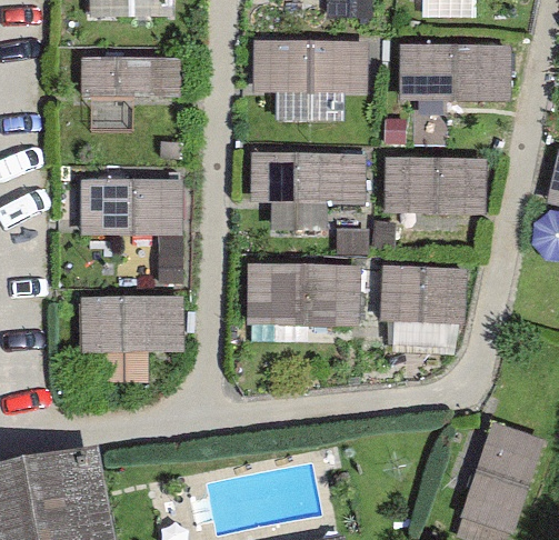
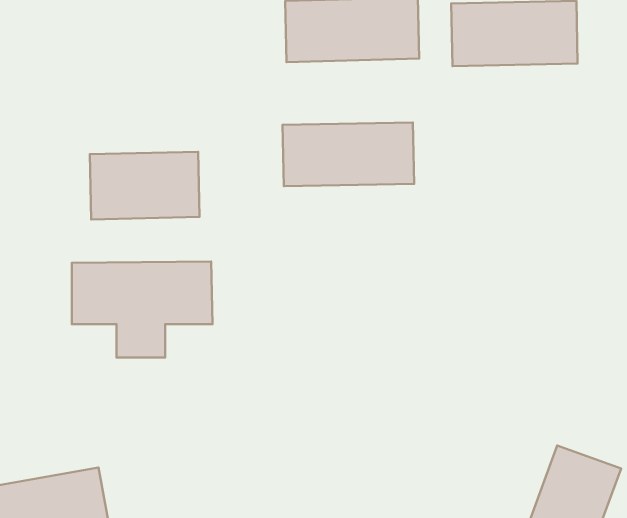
building: [78,54,186,110] -> none
building: [388,159,485,221] -> none
building: [244,266,358,329] -> none
building: [385,266,469,327] -> none

